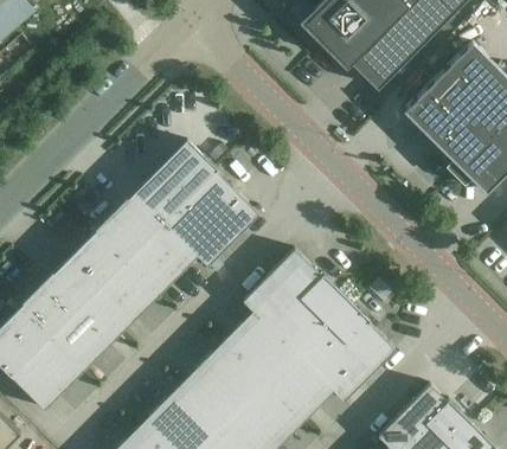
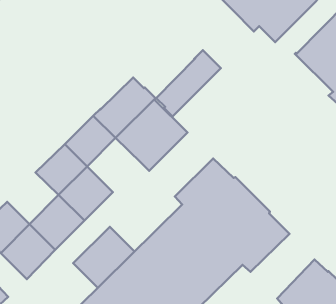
building: none -> [156,50,221,116]
building: [126,223,198,295] -> none
building: [19,269,88,338] -> none
building: none -> [73,227,134,288]

